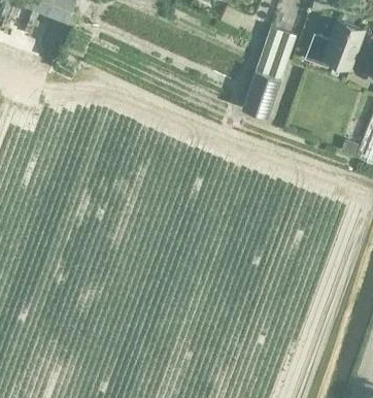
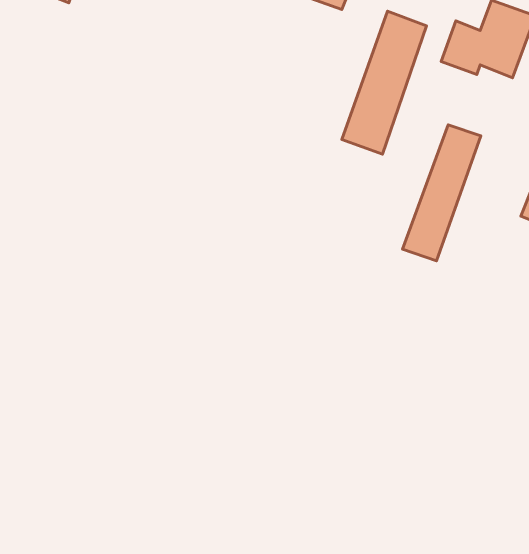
building: none -> [403,125,481,261]

